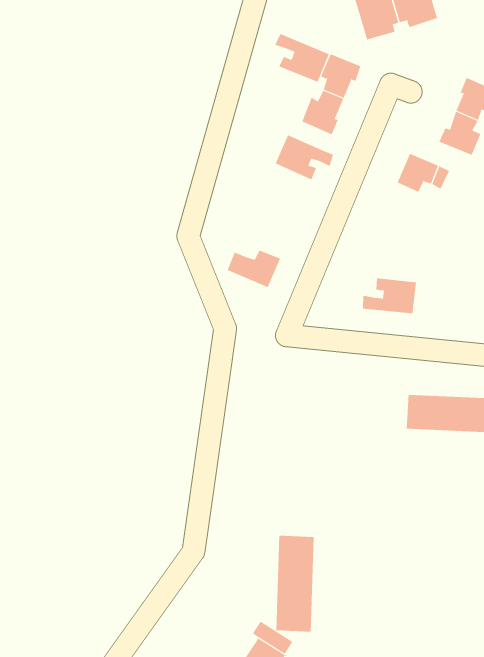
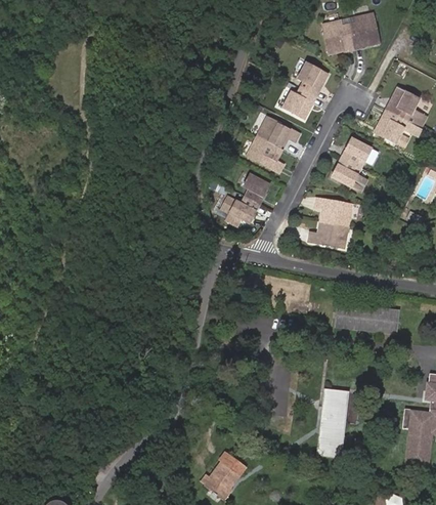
building: [274,33,329,83] -> none
building: none -> [249,136,285,172]
building: none -> [332,156,358,185]
building: none -> [242,172,268,202]
building: none -> [317,198,354,225]
building: [276,535,314,632] -> [317,389,349,458]

